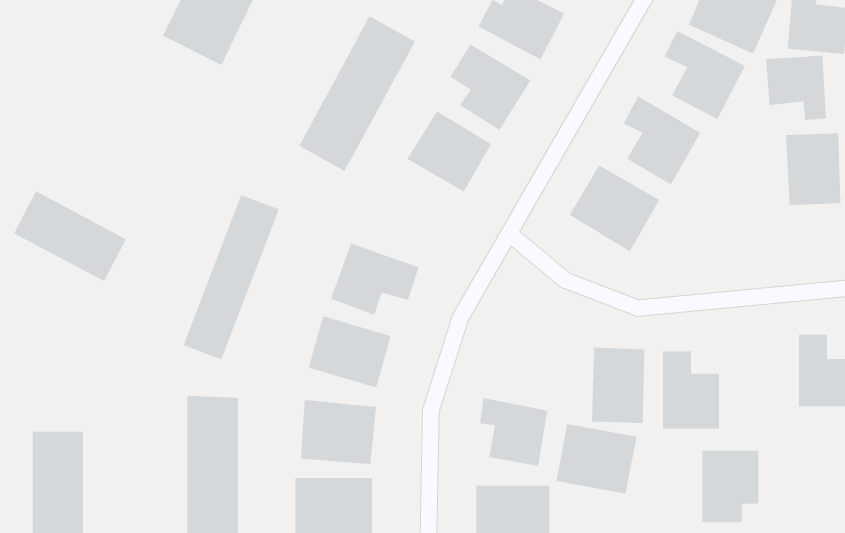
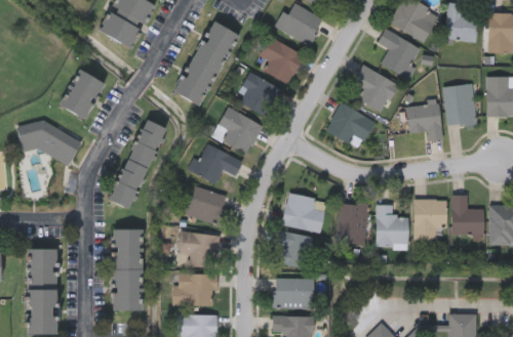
building: [765,55,827,120] -> [407,104,441,140]
building: none -> [61,70,105,119]
building: none -> [211,107,262,156]
building: [555,423,637,494] -> [281,194,326,233]
building: [701,450,759,523] -> [413,200,445,240]

